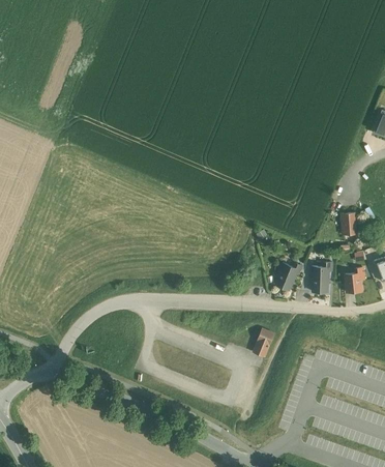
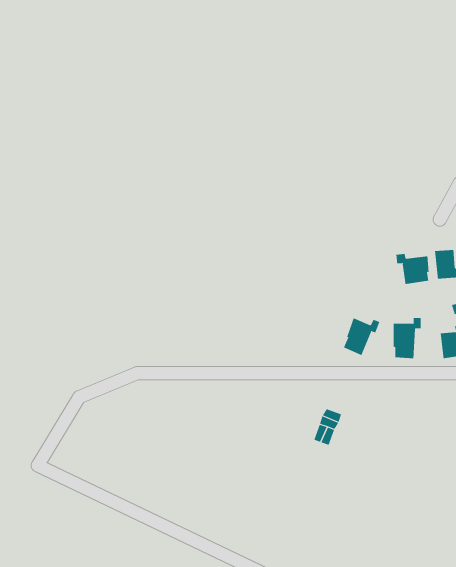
building: none -> [396,253,429,285]

